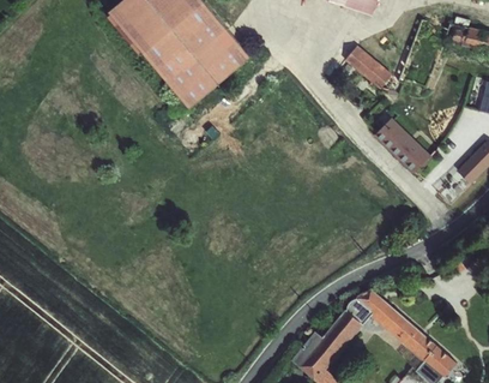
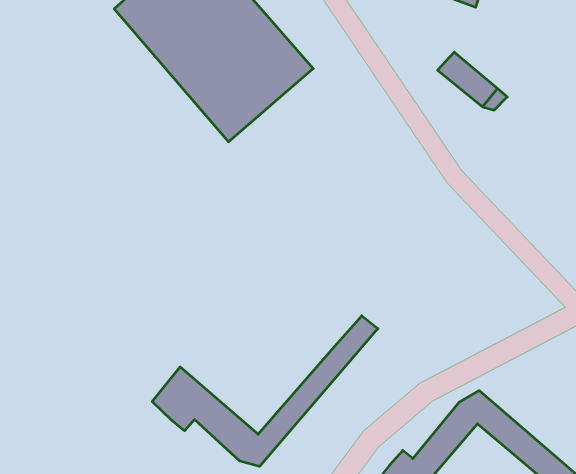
building: [376,119,428,173] -> none
building: none -> [152,316,378,466]

